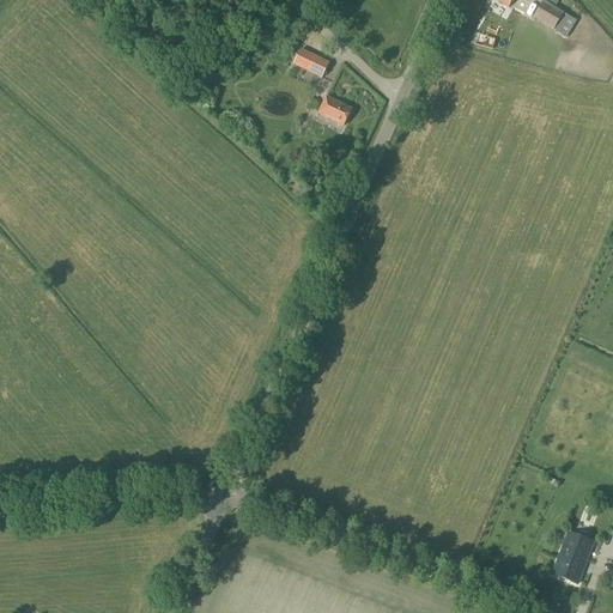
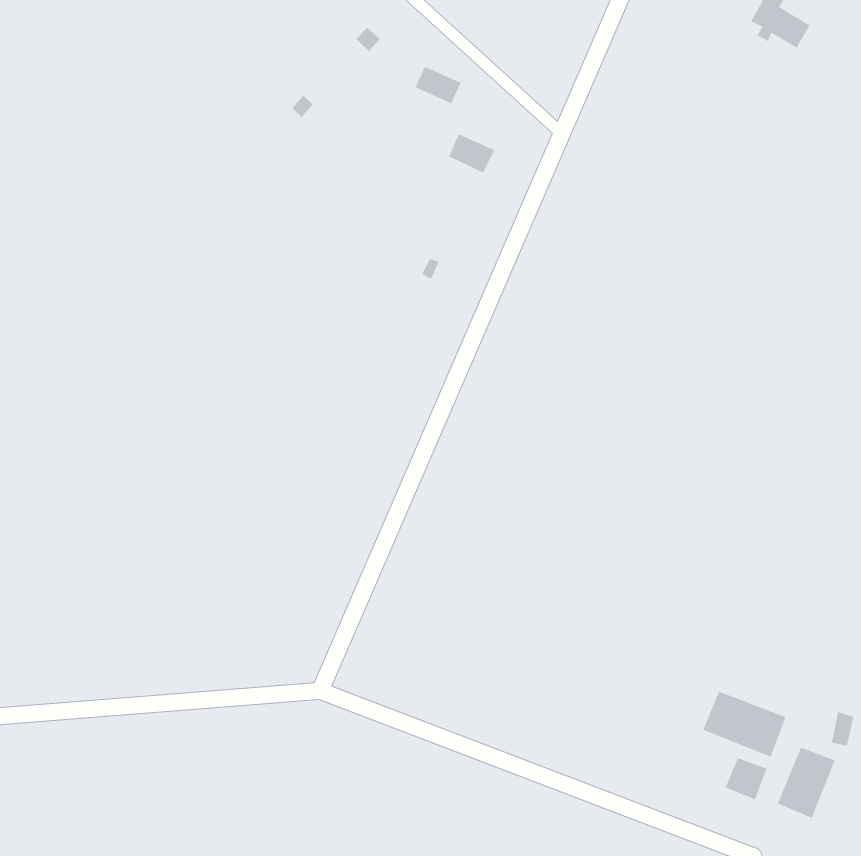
building: none -> [702,691,786,758]
building: none -> [725,757,768,800]

